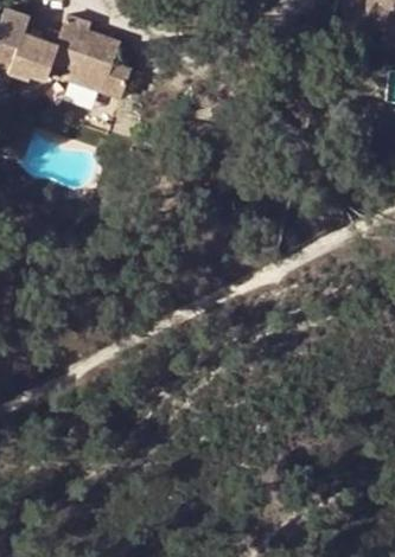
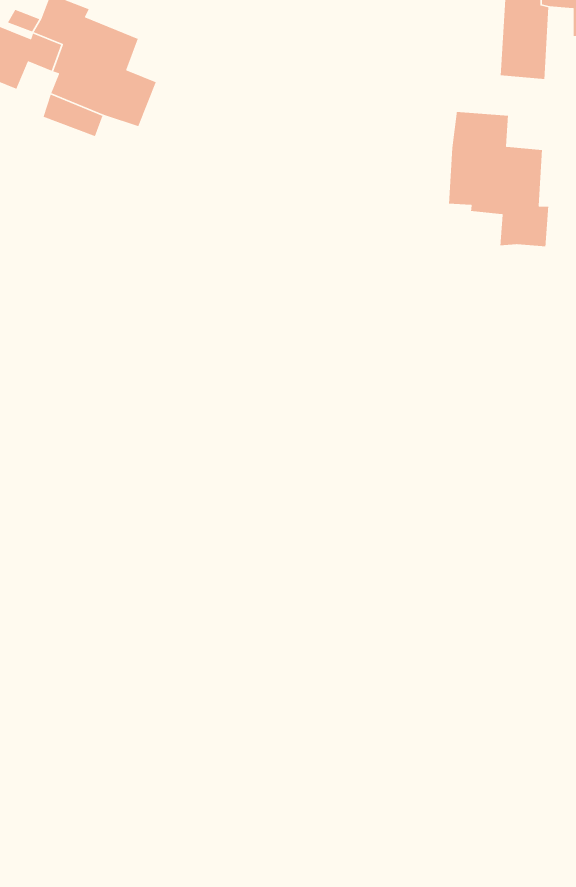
building: none -> [448,111,549,247]

